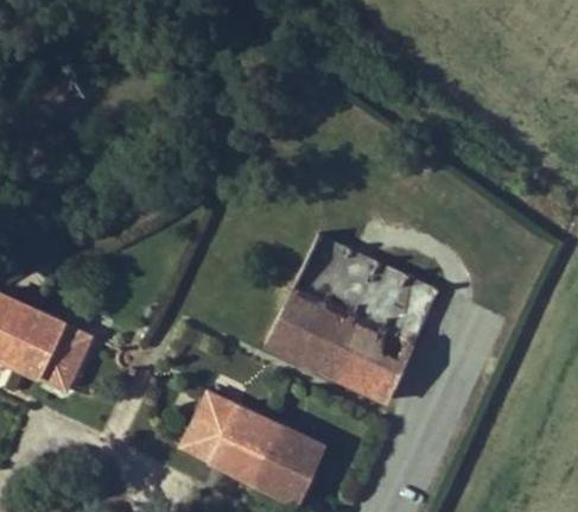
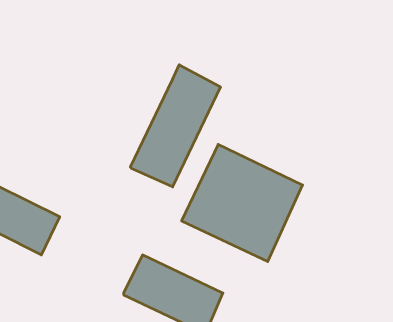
building: none -> [130,65,220,187]

